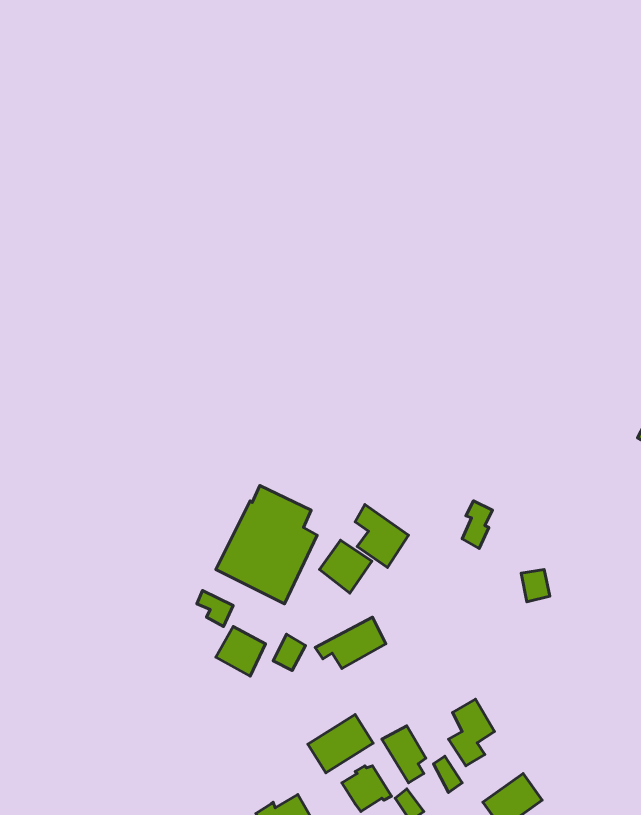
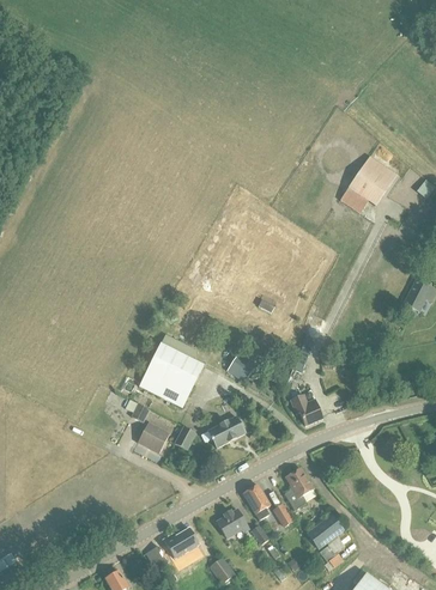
building: none -> [340,157,395,212]
building: [319,540,372,593] -> none
building: none -> [290,394,323,425]
building: [308,715,373,773] -> none

